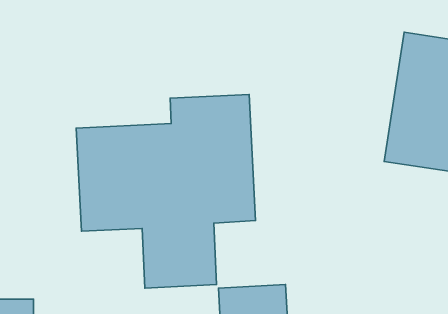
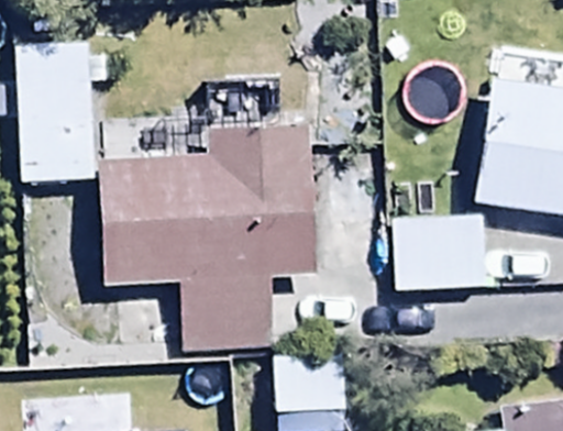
building: none -> [15,38,107,184]
building: none -> [394,214,492,291]

